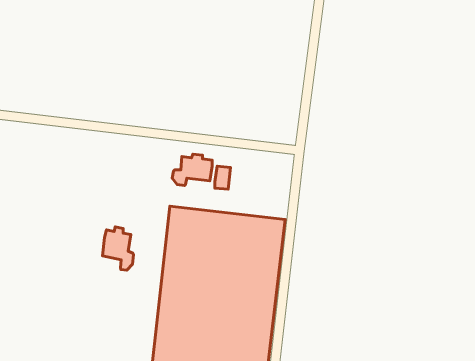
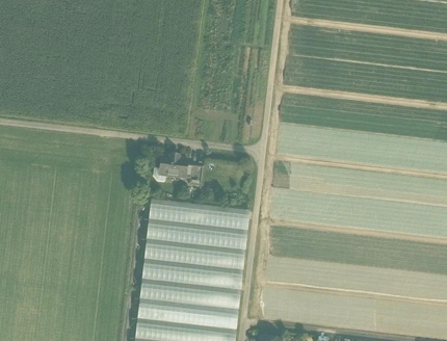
building: [103,227,133,270] -> none

